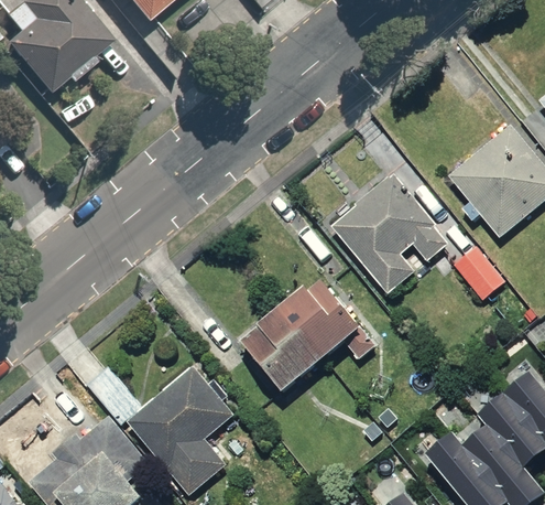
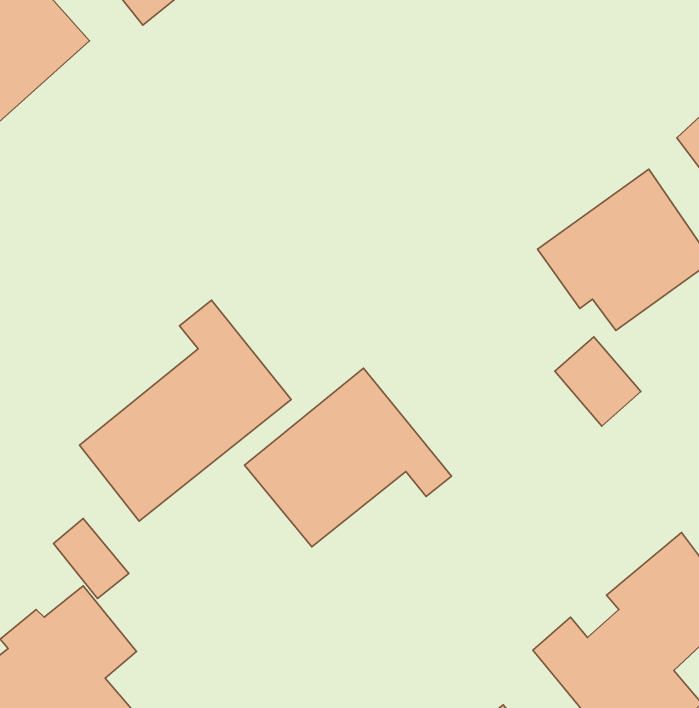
building: [323,164,453,293] -> none
building: none -> [80,300,291,521]
building: [129,368,238,496] -> none

